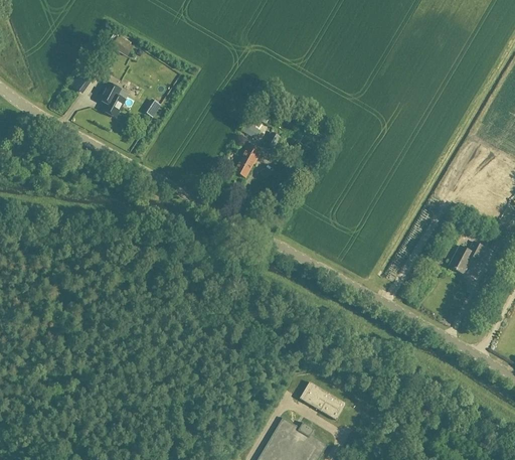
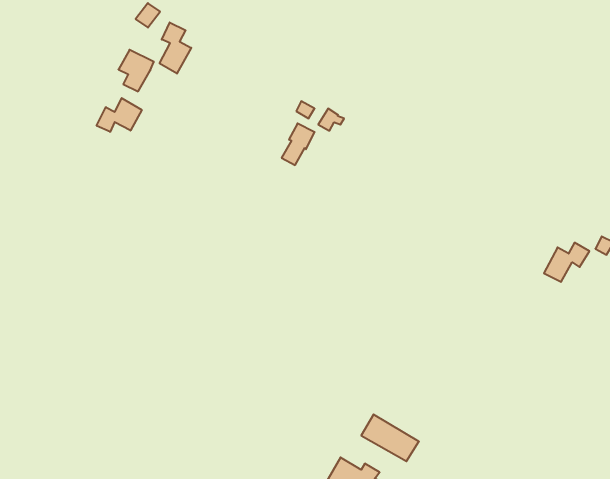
building: none -> [160,22,191,74]
building: none -> [97,98,142,132]

